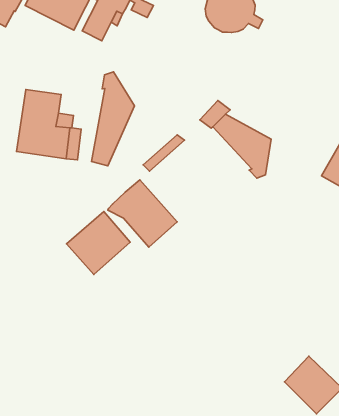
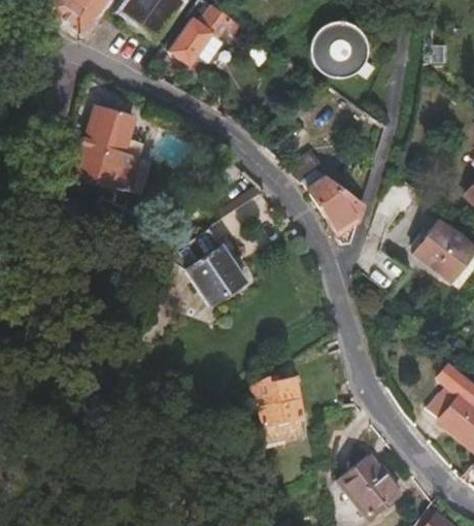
building: [91,72,135,166] -> none
building: [66,212,130,275] -> none
building: none -> [250,373,306,442]

